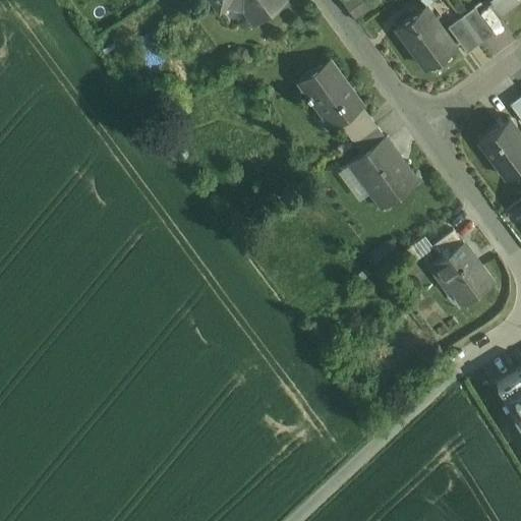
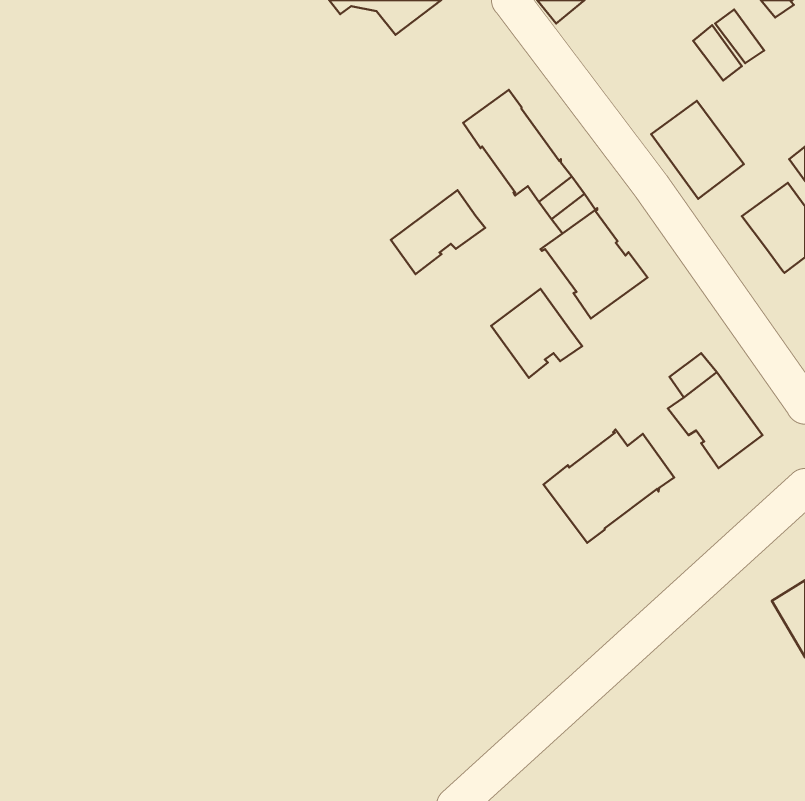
building: [396,7,456,70] -> [651,101,744,199]
building: none -> [391,190,485,274]
building: none -> [491,289,582,378]
building: none -> [543,430,674,543]

